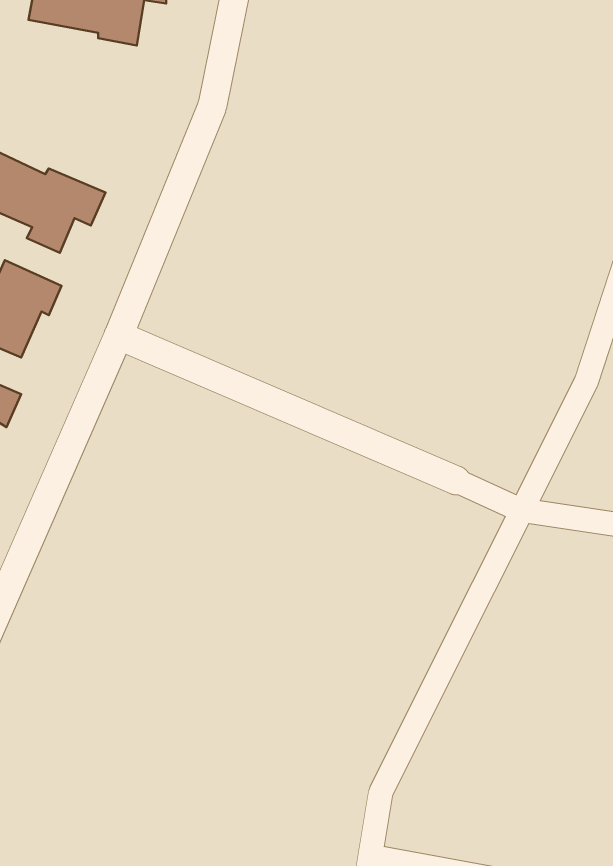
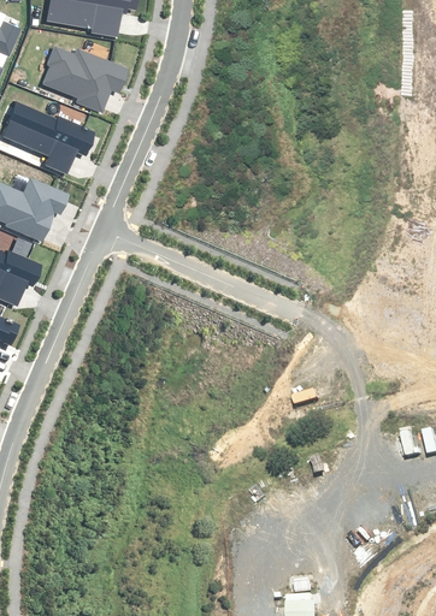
building: none -> [41,48,126,112]

